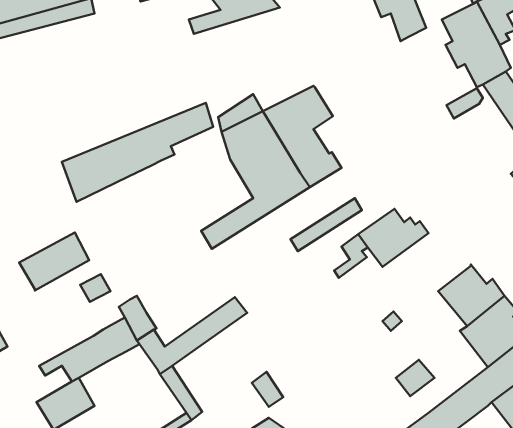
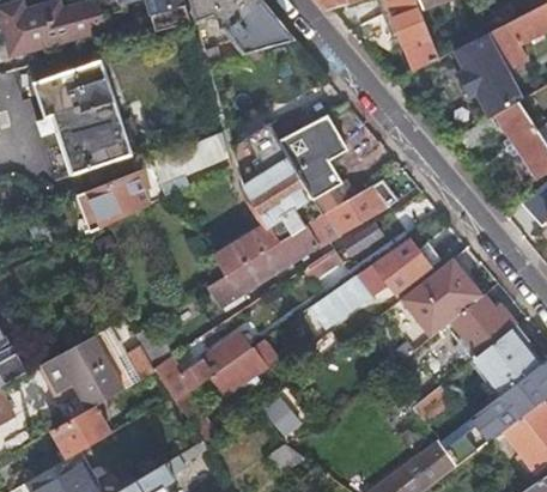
building: none -> [41,60,133,171]
building: none -> [208,184,388,308]
building: none -> [401,260,482,335]
building: [19,232,89,290] -> [39,335,109,393]
building: none -> [309,274,363,326]
building: none -> [212,340,275,395]

